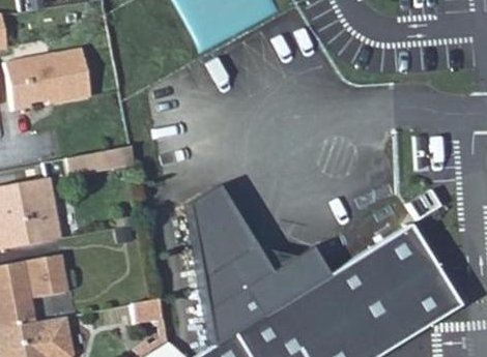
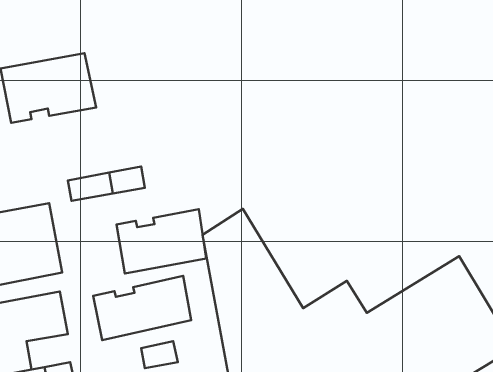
building: none -> [116,209,206,274]
building: none -> [93,276,191,340]

